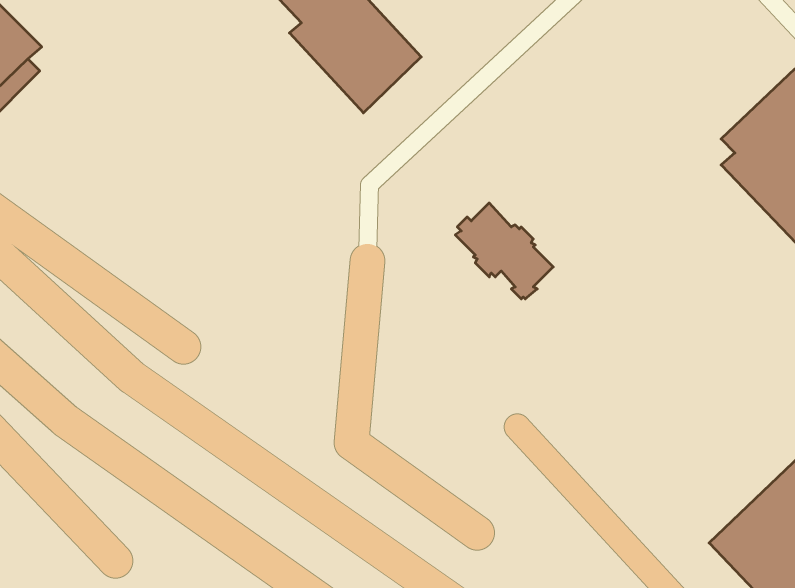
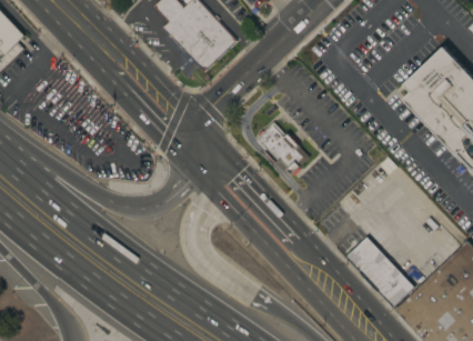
building: none -> [348,237,415,307]

